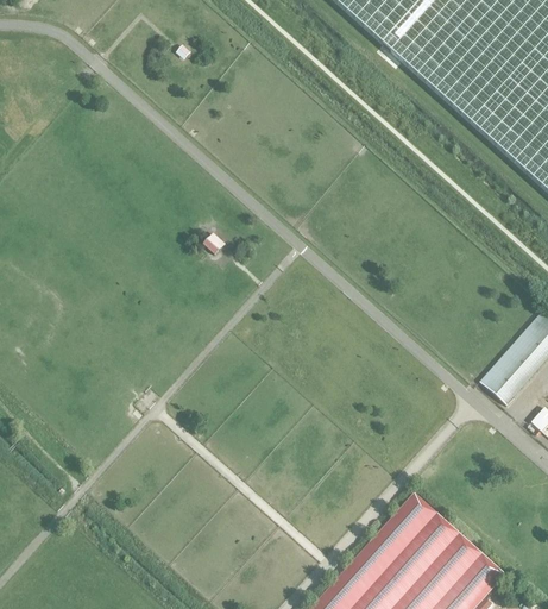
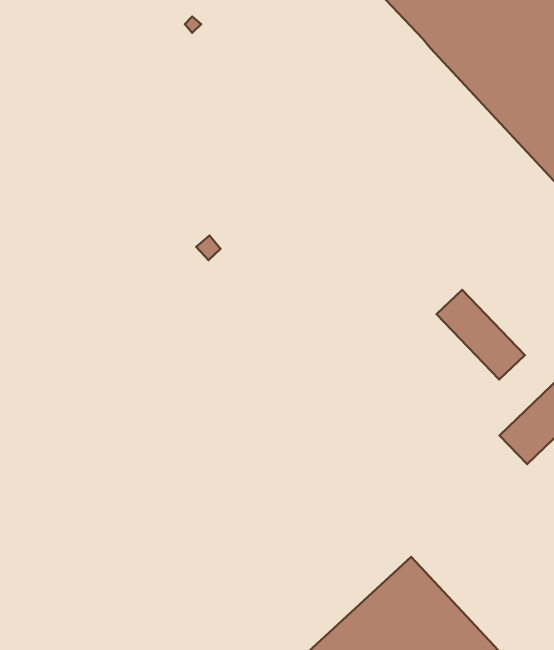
building: none -> [437,290,525,379]

